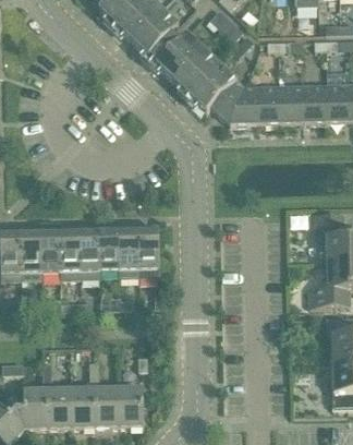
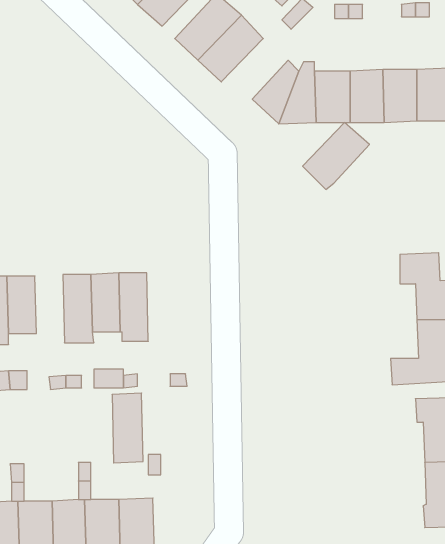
building: [190,63,236,110] -> [303,123,369,189]
building: [137,227,159,276] -> [112,393,143,463]
building: [59,229,80,278] -> none

